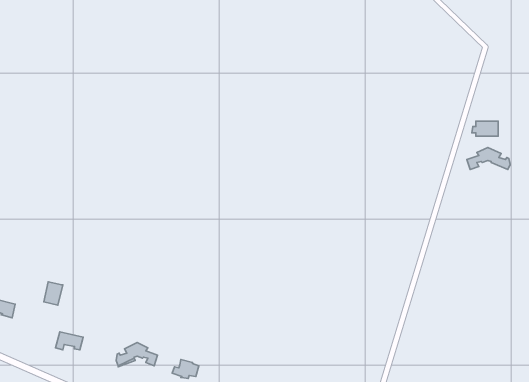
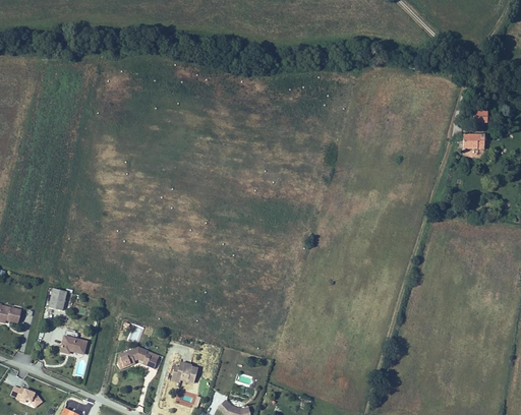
building: [467,148,510,169] -> none

